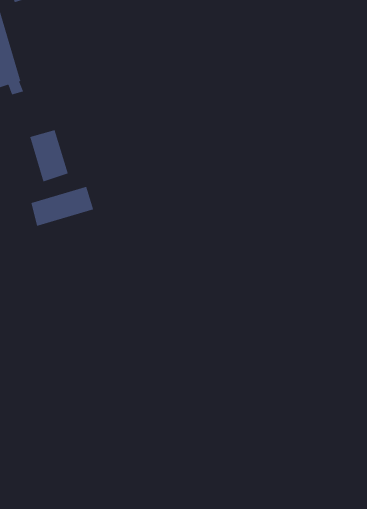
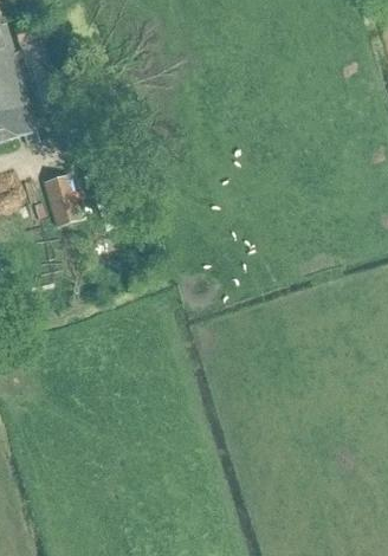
building: [30,186,94,227] -> none

